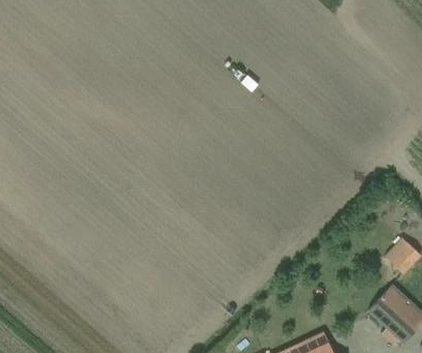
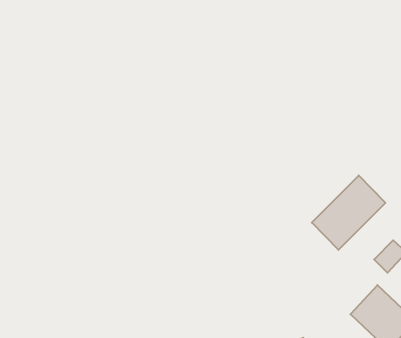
building: none -> [312,175,385,250]

